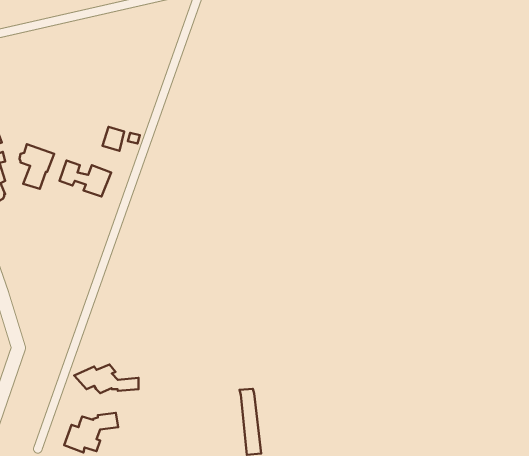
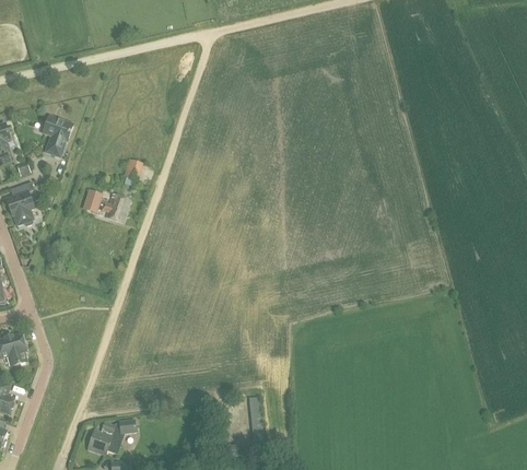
building: [19,144,54,189] -> [42,116,73,156]
building: [74,365,139,393] -> none

